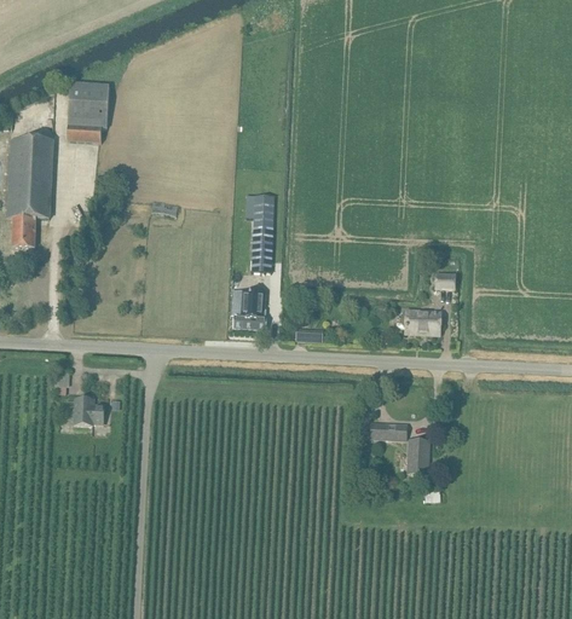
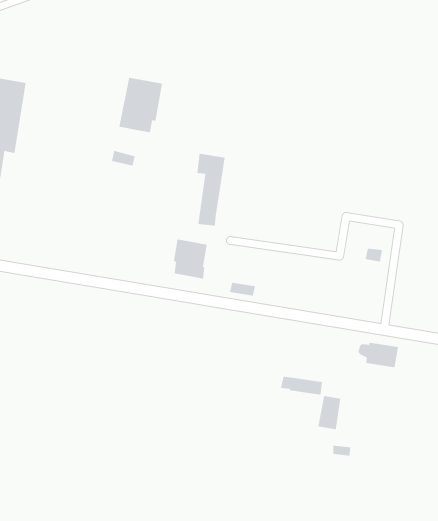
building: [67,82,109,139] -> [118,77,163,133]
building: [397,308,440,332] -> [358,342,399,368]
building: [74,395,105,423] -> none

